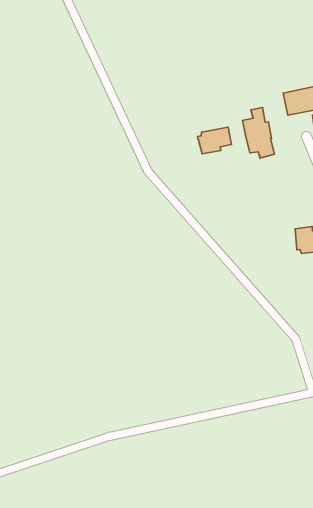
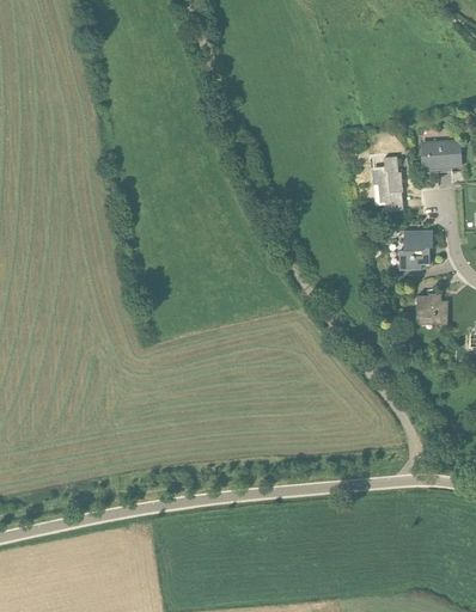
building: [198,127,232,154] -> none
building: none -> [398,230,432,269]

